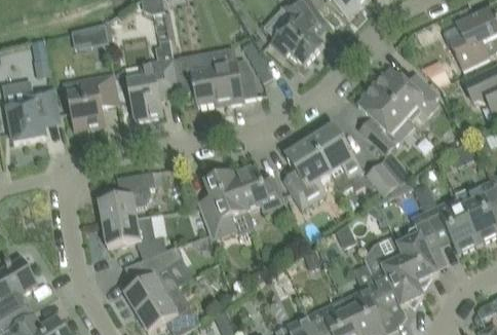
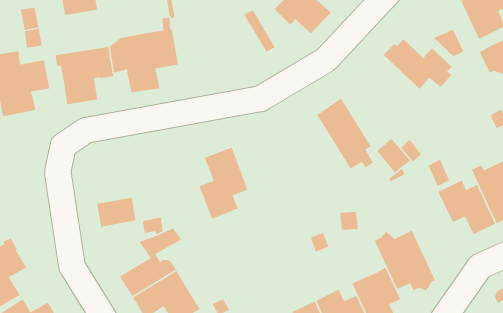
building: [174,53,252,106] -> none
building: [357,84,407,154] -> none
building: [284,141,330,209] -> none
building: [230,165,286,217] -> none
building: [98,172,155,224] -> none
building: [397,213,437,297] -> none

